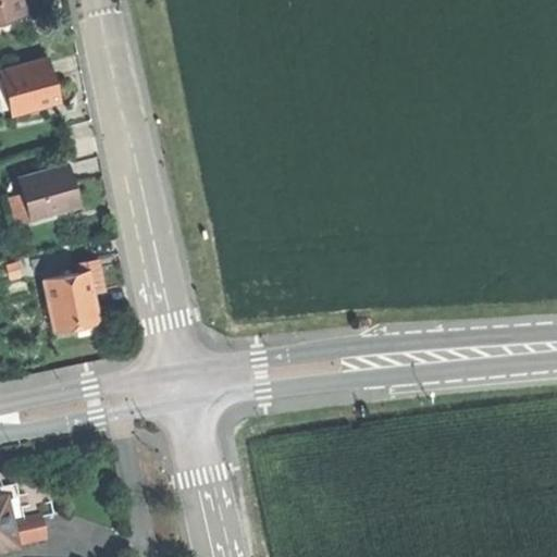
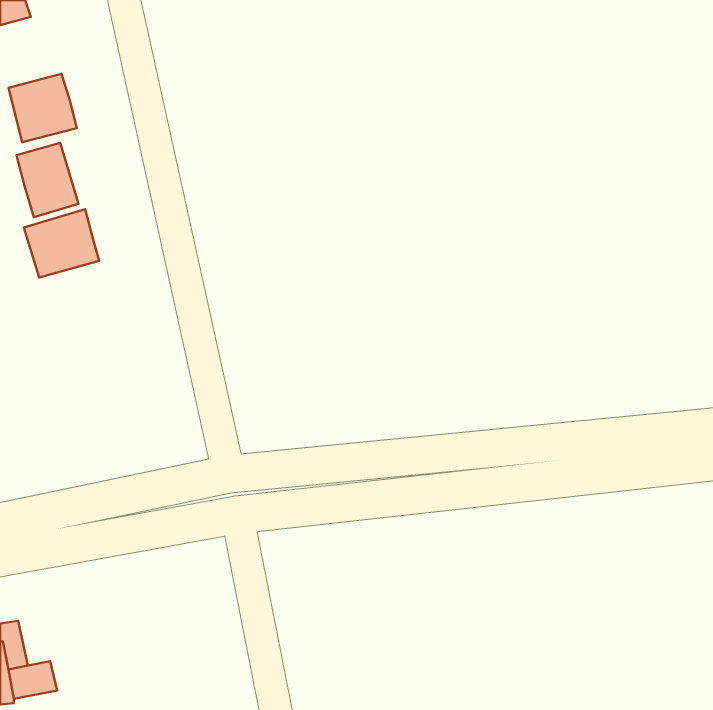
building: none -> [17,143,78,217]
building: [42,272,96,324] -> none

